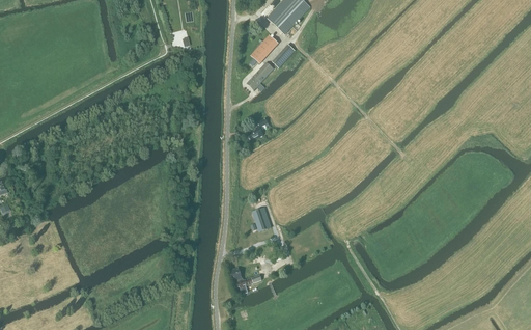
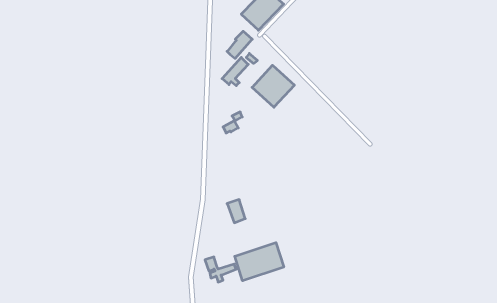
building: none -> [252,65,294,107]
building: none -> [235,243,284,281]

